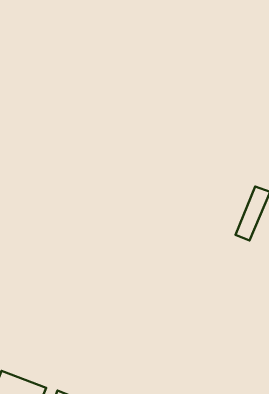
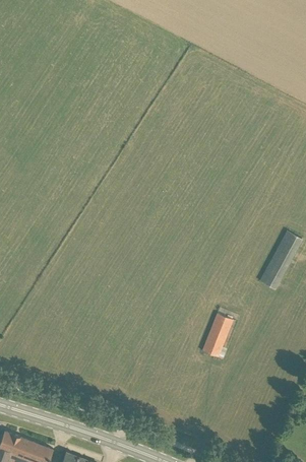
building: none -> [203,314,234,357]

